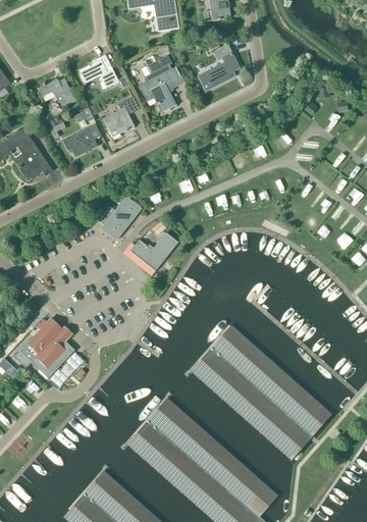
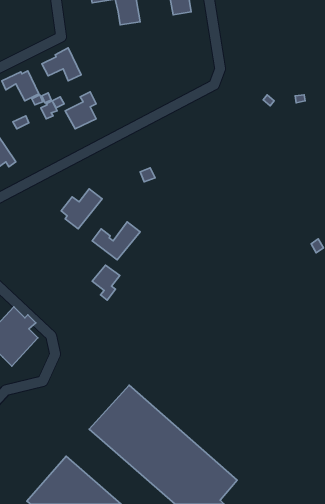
building: [199,46,239,90] -> none
building: [139,56,176,112] -> none
building: [62,129,96,156] -> none
building: none -> [92,265,120,300]
building: [190,324,331,459] -> none

